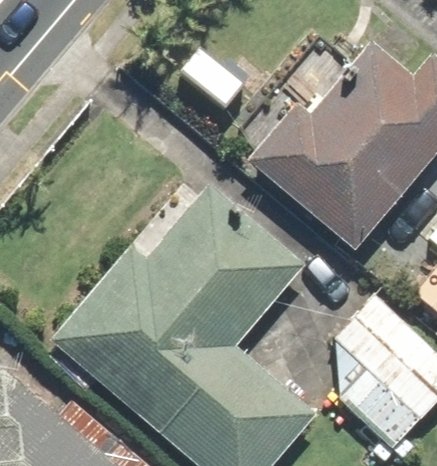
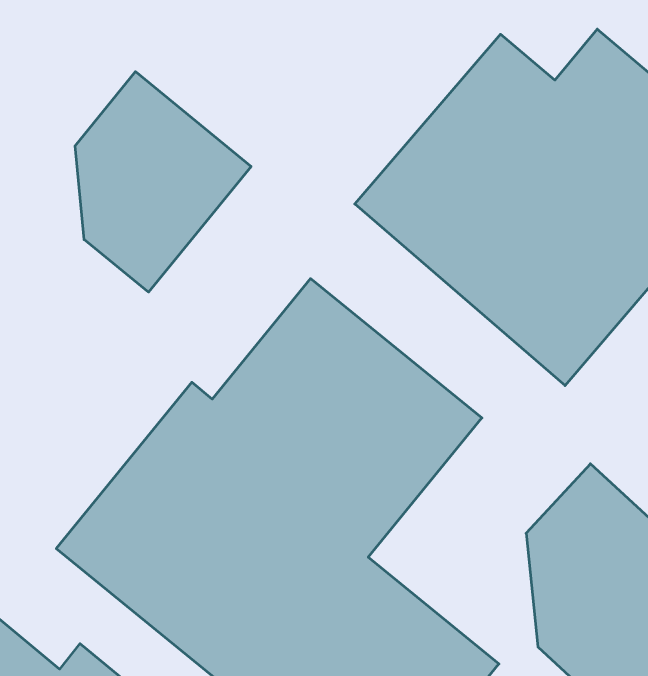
building: none -> [75,72,251,292]

